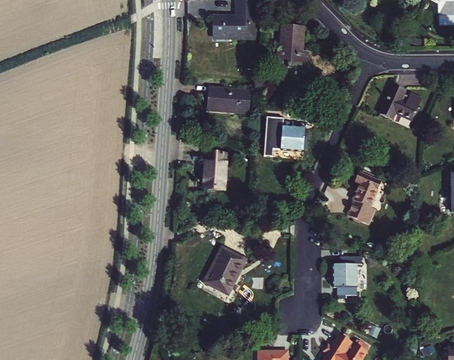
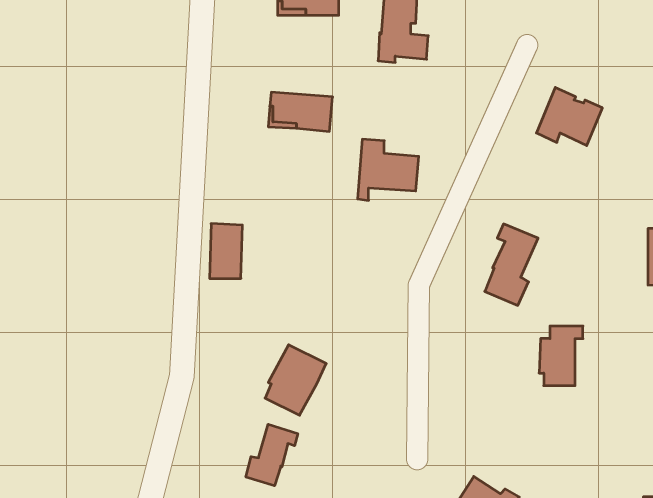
building: [204,153,225,188] -> [210,224,242,278]
building: [333,256,361,294] -> [539,326,583,386]
building: none -> [246,424,298,486]

